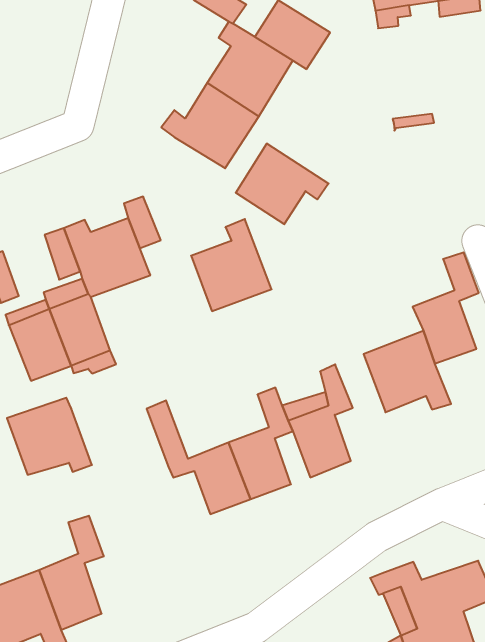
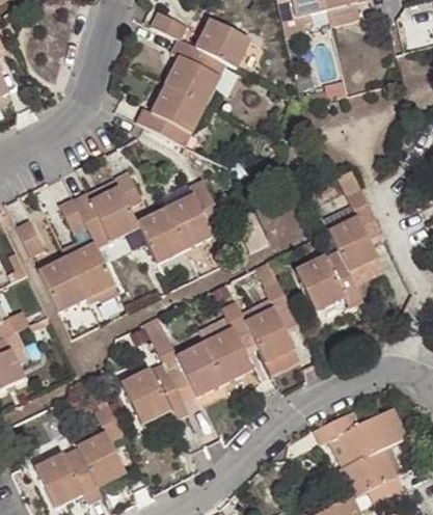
building: [236,143,329,224] -> none
building: none -> [136,210,184,263]
building: [7,398,92,475] -> [121,363,186,422]

